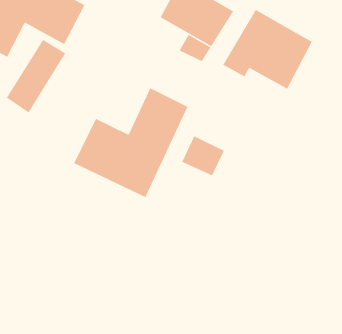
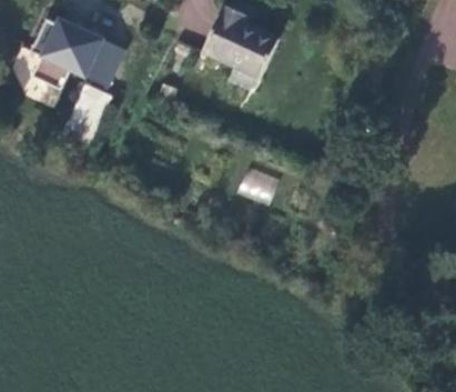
building: [222,9,313,90] -> none
building: [73,87,188,198] -> none

